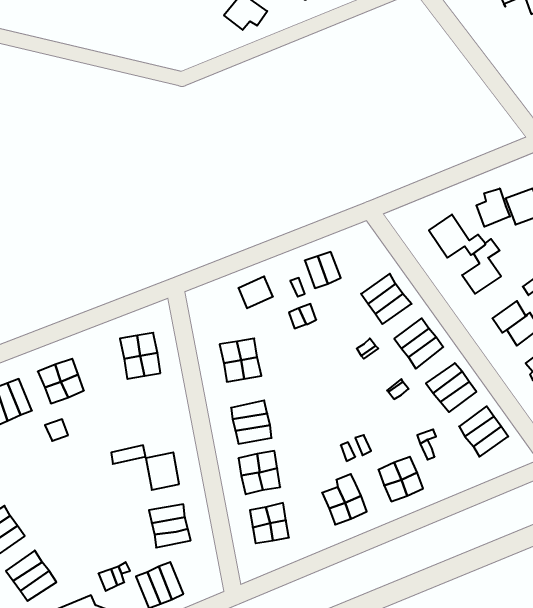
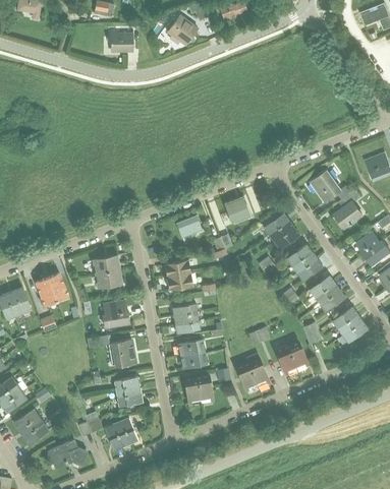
building: none -> [110,30,133,50]
building: [476,188,510,227] -> none
building: none -> [103,300,128,327]

